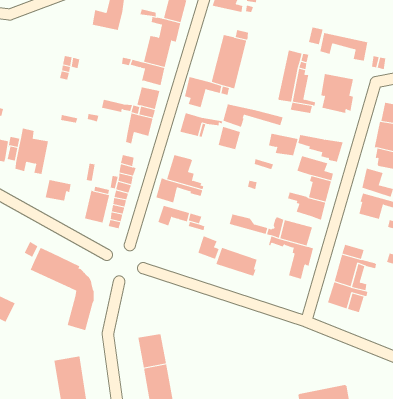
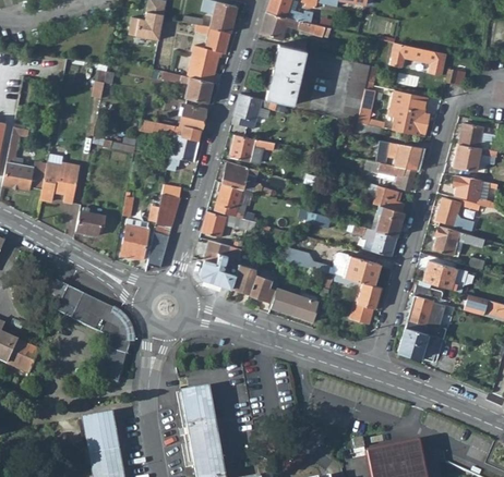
building: [223,104,284,128] -> [260,12,329,39]
building: [218,126,241,150] -> [221,160,248,187]
building: [268,133,299,156] -> [386,142,421,168]
building: none -> [199,254,237,288]
building: none -> [422,260,459,290]

